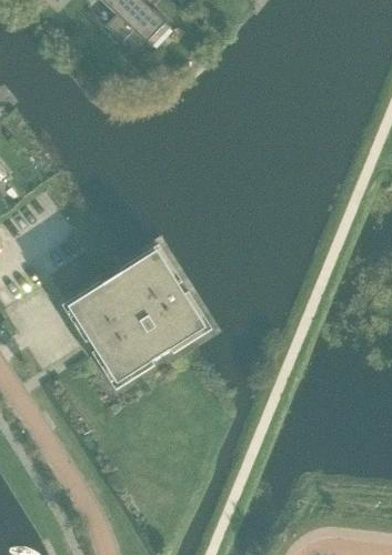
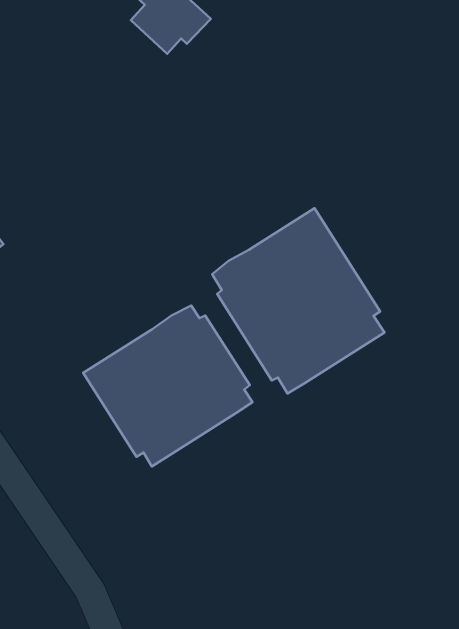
building: none -> [212,208,385,393]

